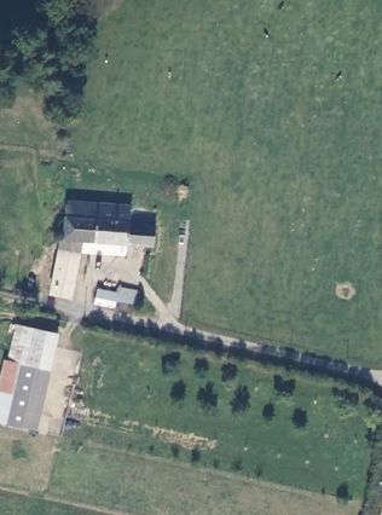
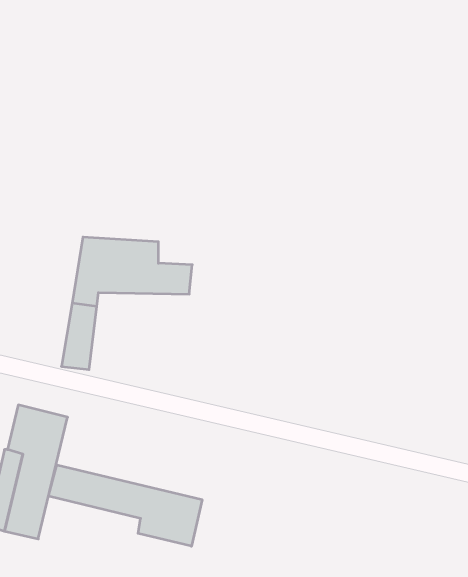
building: [97,287,141,308] -> none
building: none -> [49,465,202,546]

